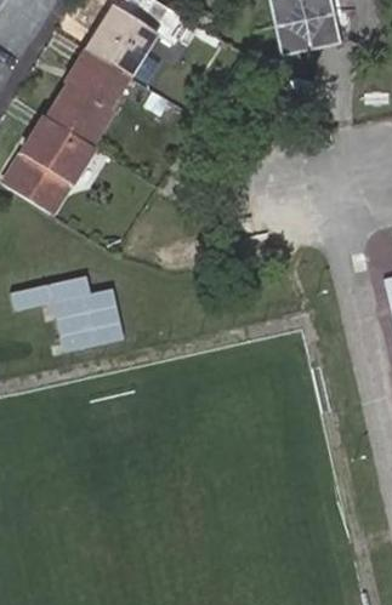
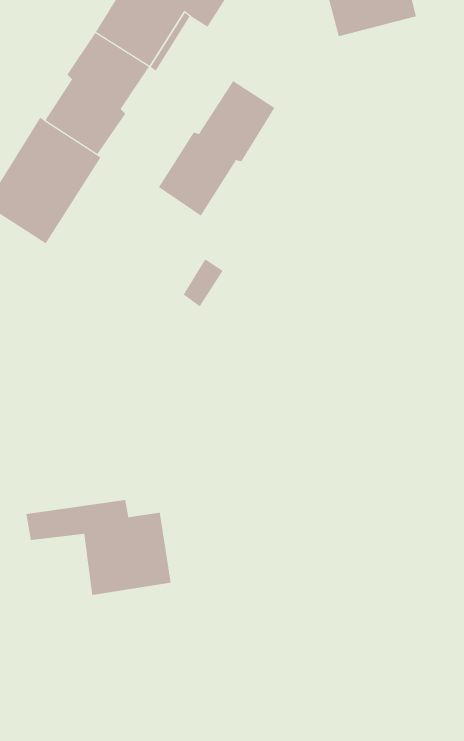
building: none -> [158,80,275,216]
building: [15,278,127,352] -> [25,500,171,596]

